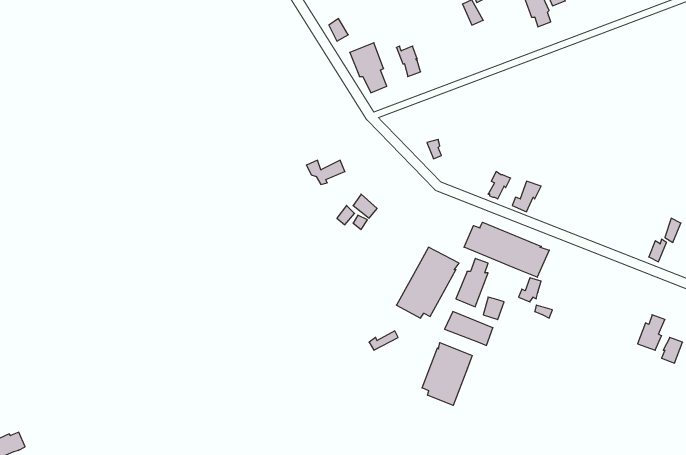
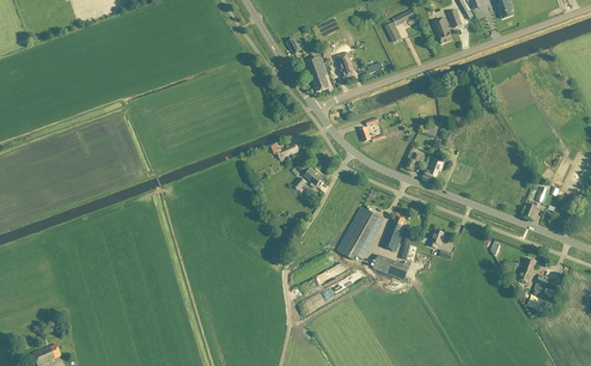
building: [464,222,549,277] -> none
building: [422,343,472,405] -> none

